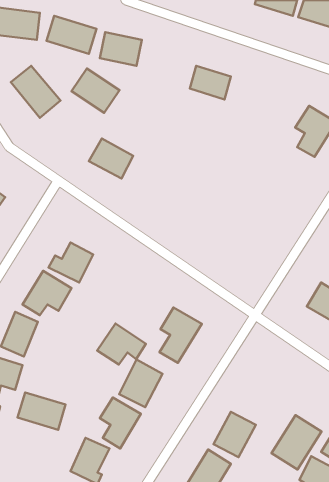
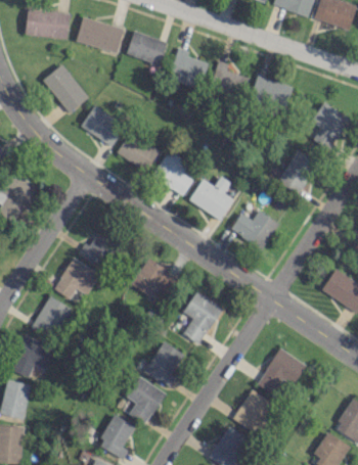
building: none -> [171,48,208,88]
building: [72,68,119,113] -> [80,105,125,147]
building: none -> [251,76,293,109]
building: none -> [276,150,316,195]
building: none -> [153,154,196,194]
building: none -> [188,177,233,221]
building: none -> [230,211,278,250]
building: [97,323,146,365] -> [131,259,177,297]
building: [18,392,66,430] -> none
building: [272,415,321,469] -> [257,348,304,400]

